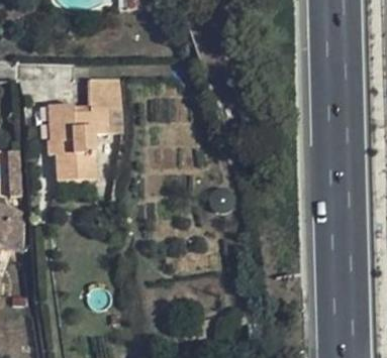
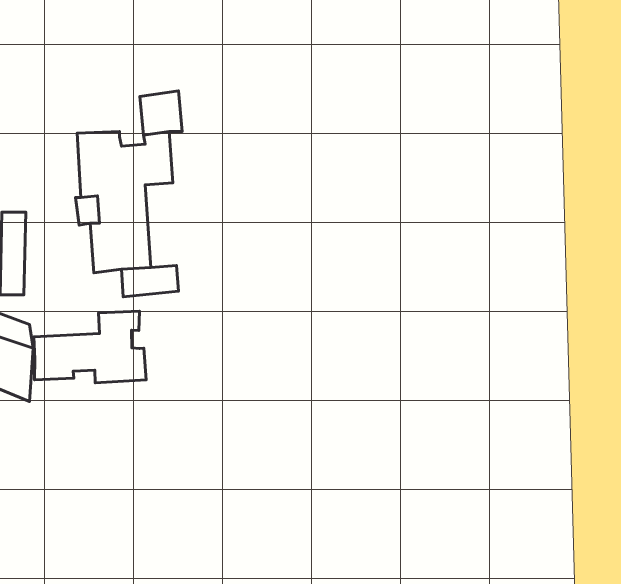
building: none -> [34,311,146,383]

